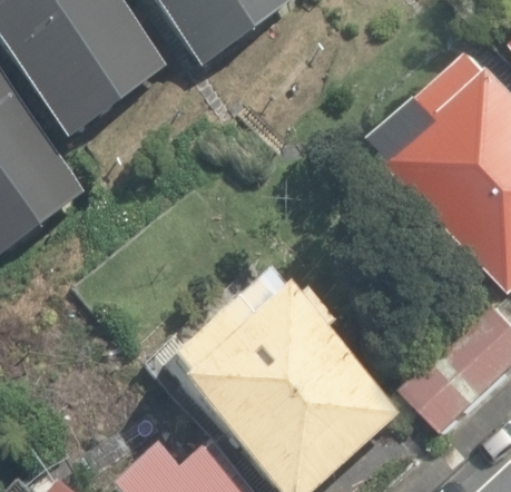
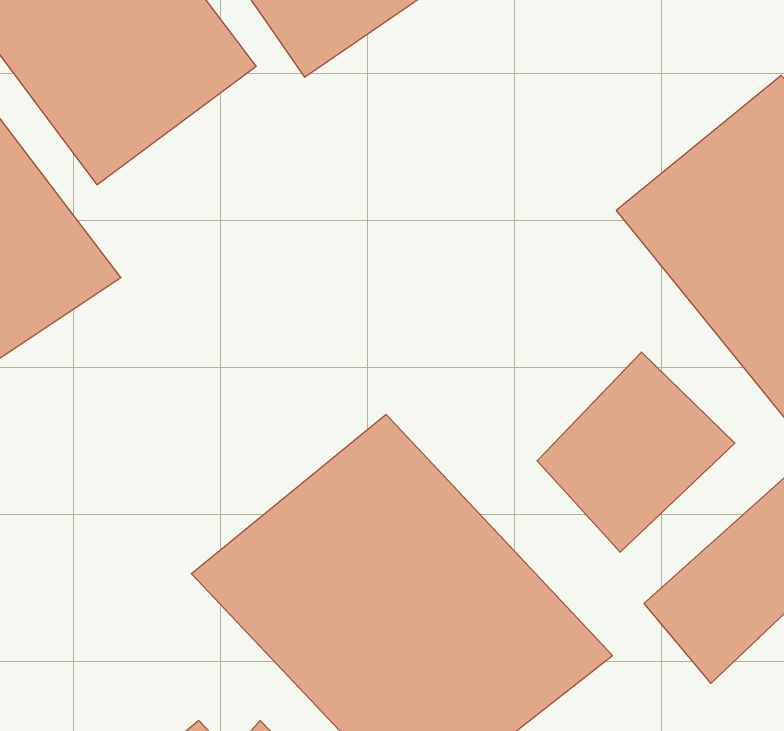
building: none -> [537,352,735,552]

